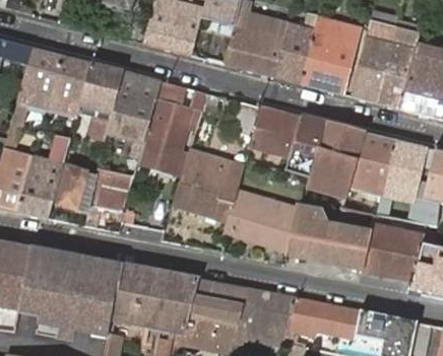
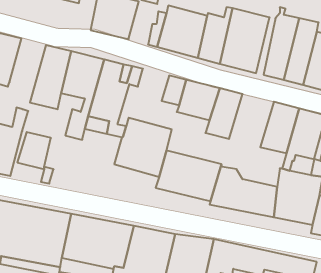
building: [49,54,92,141] -> none
building: [310,121,367,195] -> none
building: [91,166,136,211] -> none

